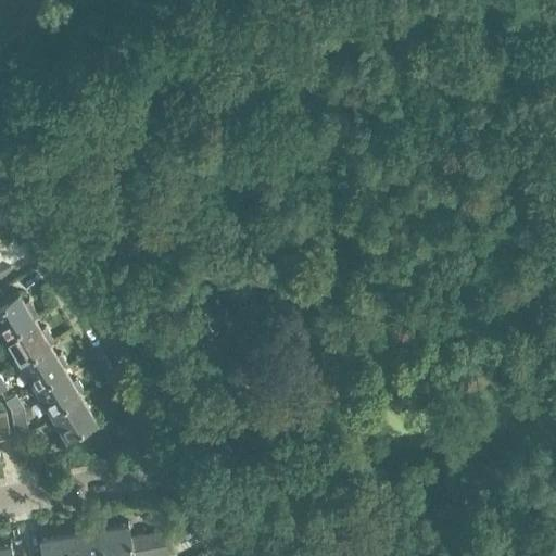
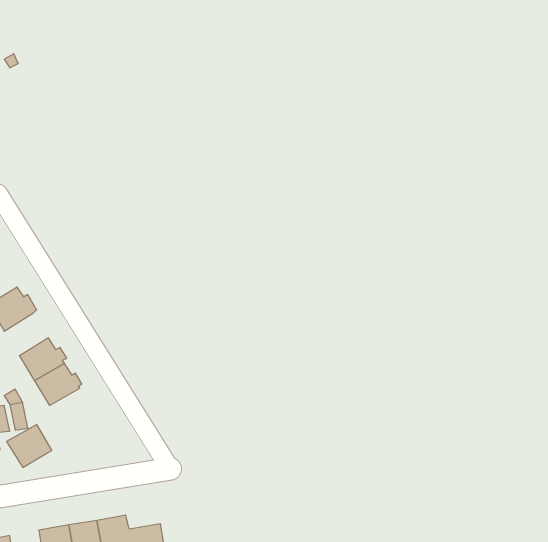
building: [4,324,49,367] -> none
building: [50,400,96,443] -> [7,424,52,467]

